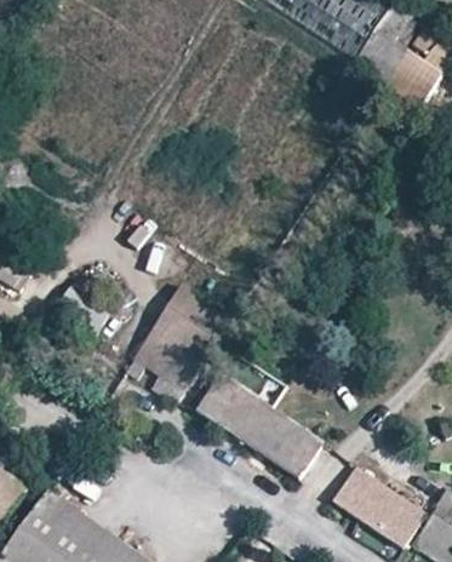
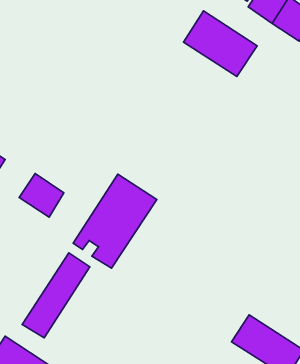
building: none -> [183,11,257,76]
building: [196,371,322,475] -> none
building: none -> [22,253,90,338]

